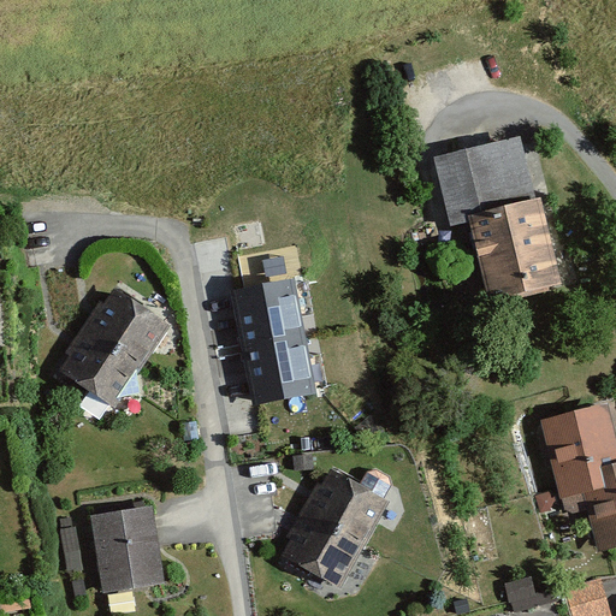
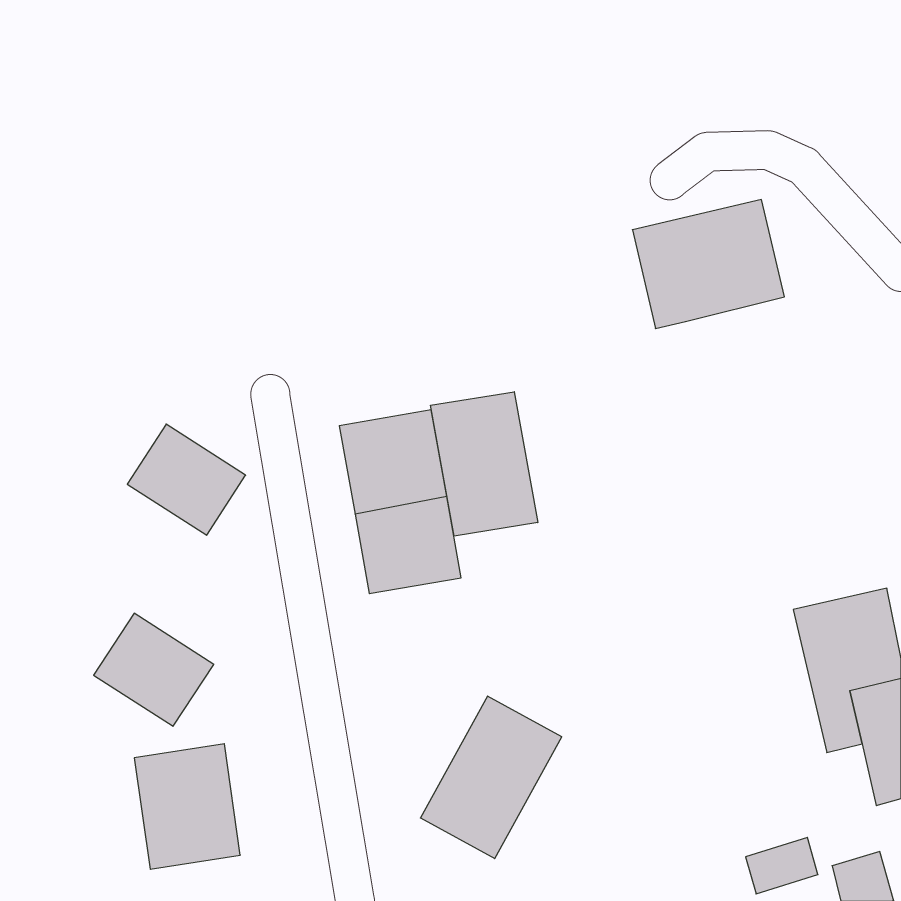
building: [467,201,559,301] -> none
building: none -> [431,392,538,536]
building: [59,330,141,407] -> [94,613,214,726]

